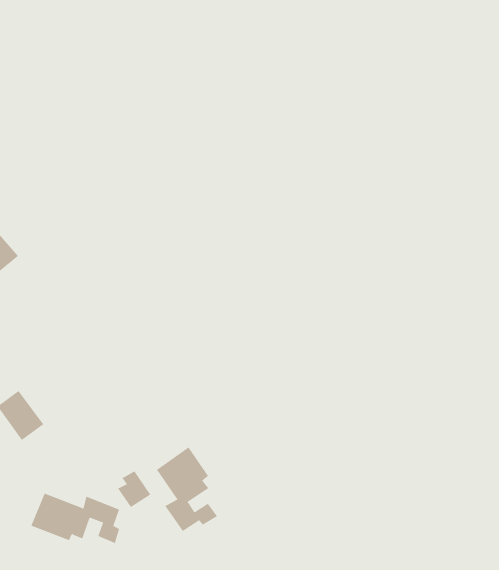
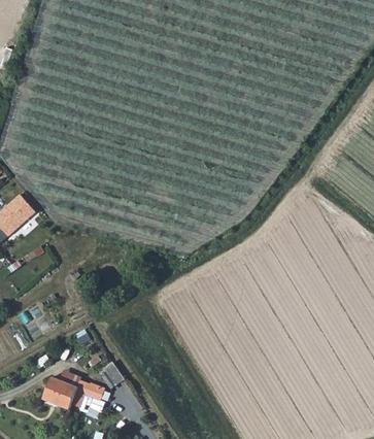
building: [156,446,218,532] -> none

